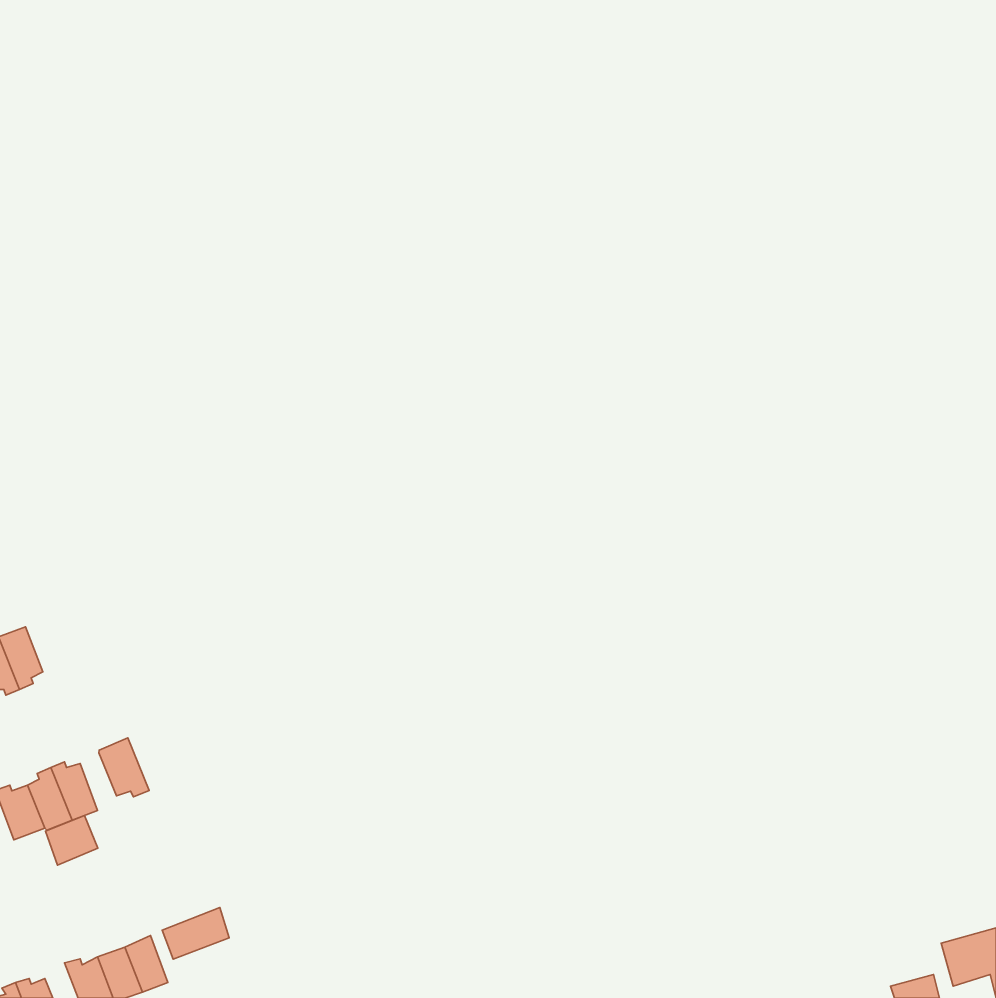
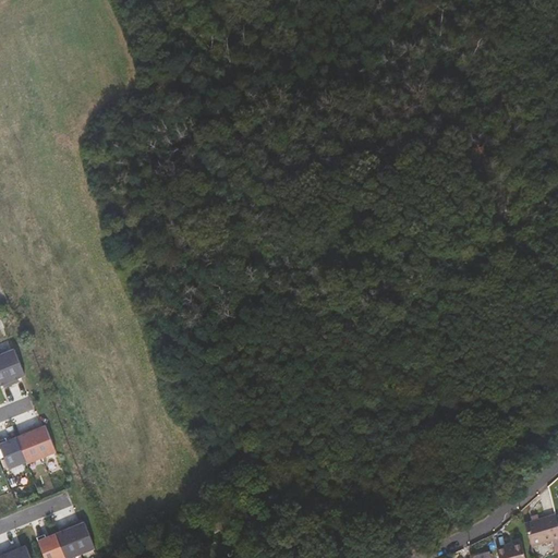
building: [99,738,149,797] -> none
building: [45,816,98,865] -> none
building: [162,907,229,959] -> none

